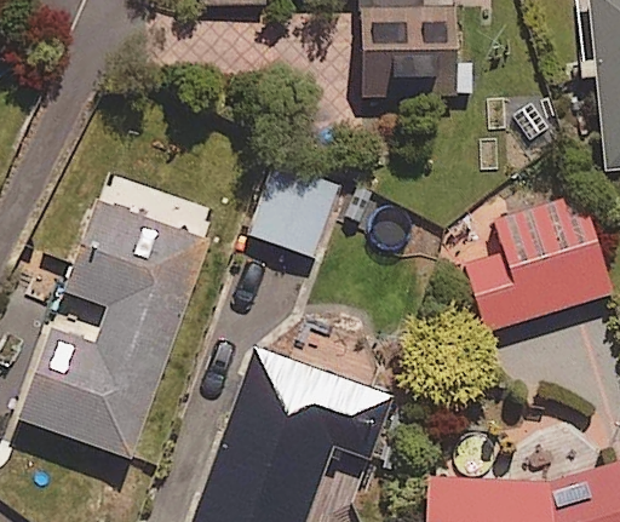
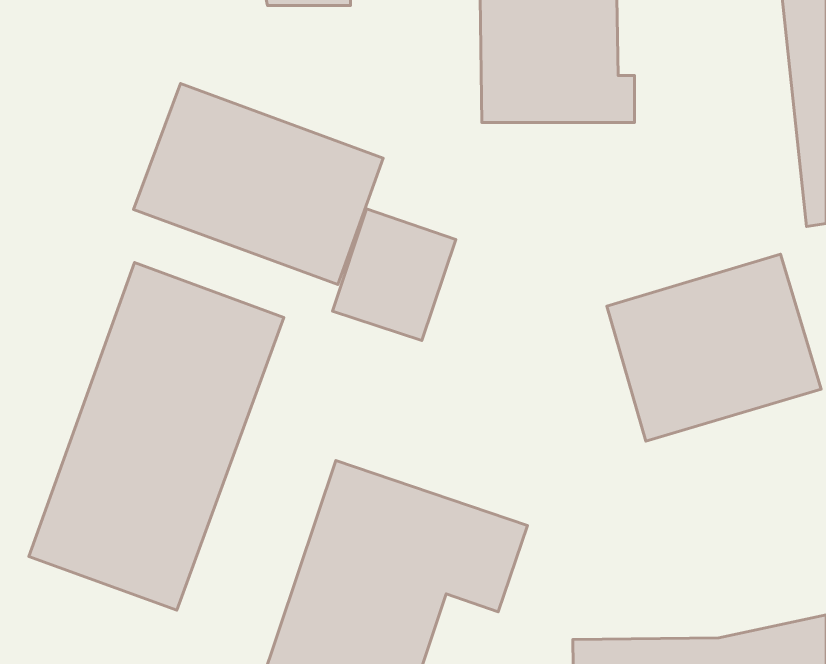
building: none -> [133,83,383,285]

